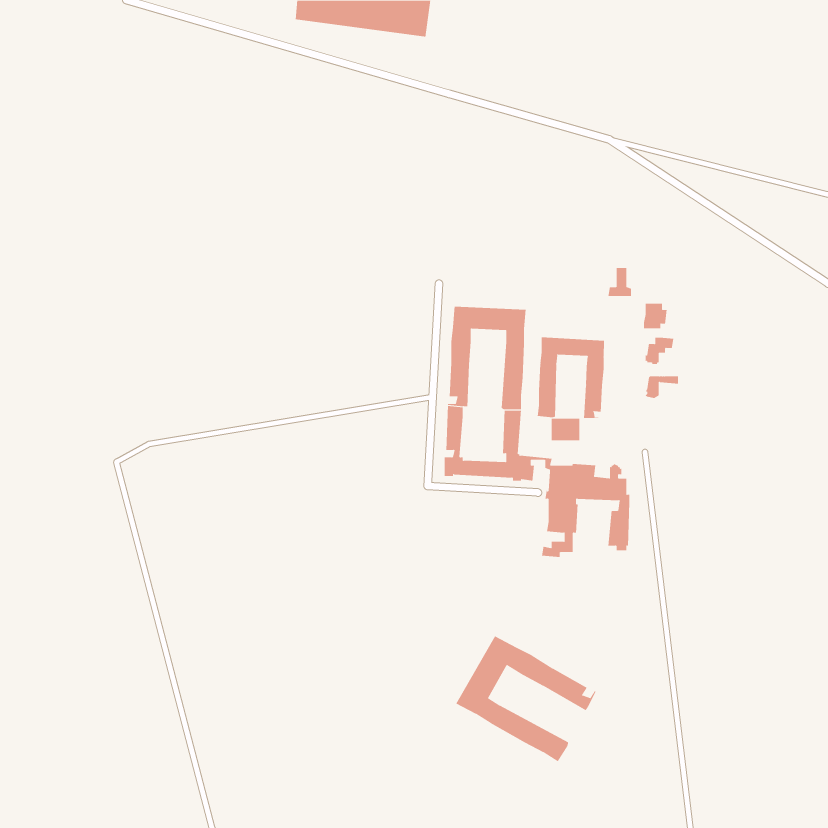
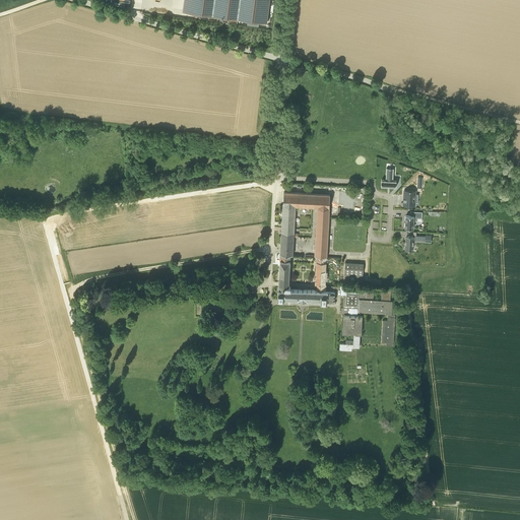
building: [537,337,604,419] -> none
building: [456,635,596,762] -> none

